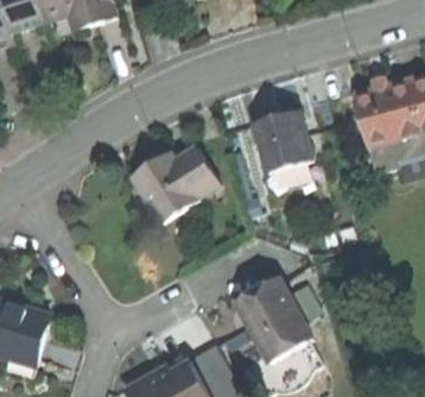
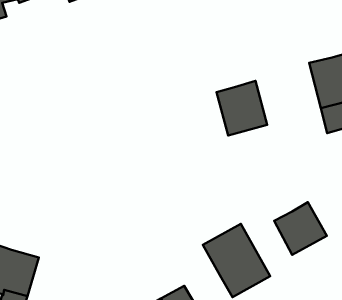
building: [131,145,217,221] -> none
building: none -> [274,202,327,255]

